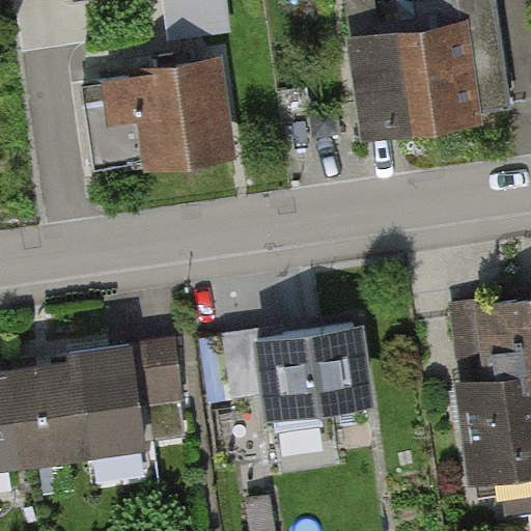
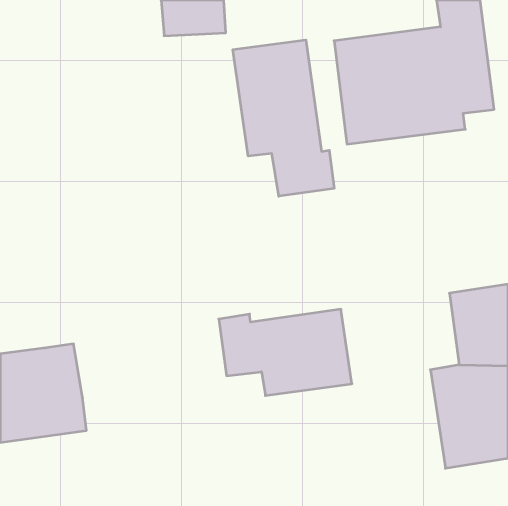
building: none -> [233,40,334,196]
building: [96,63,231,169] -> none
building: [76,337,184,417] -> none

